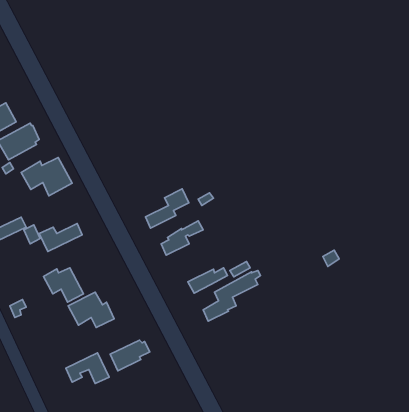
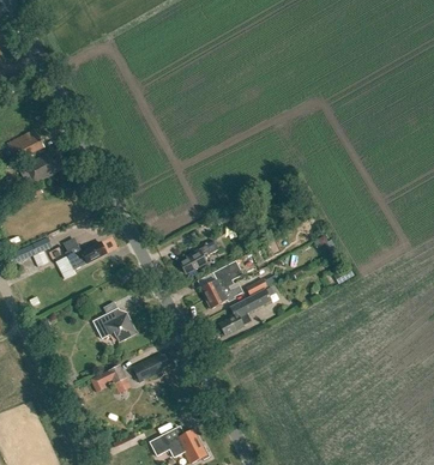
building: [21,157,72,196] -> none
building: [145,189,189,228] -> [200,260,241,297]
building: [44,268,84,302] -> none

